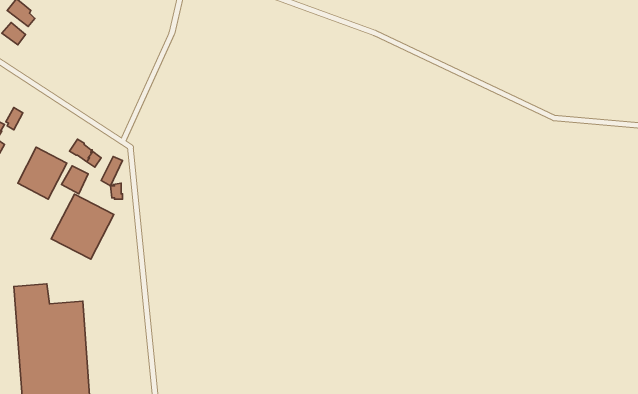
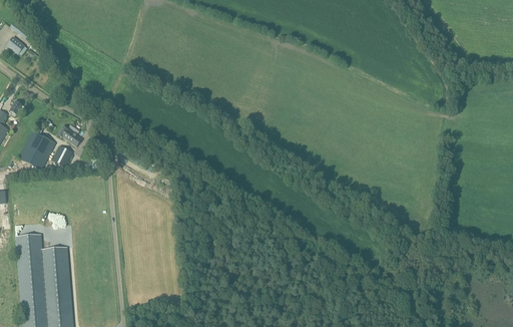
building: [51,194,114,259] -> none

